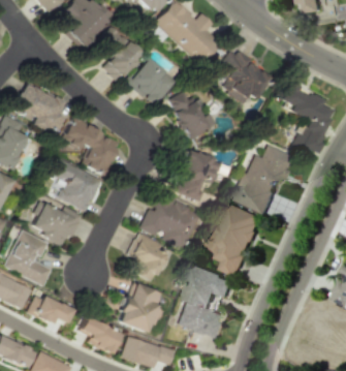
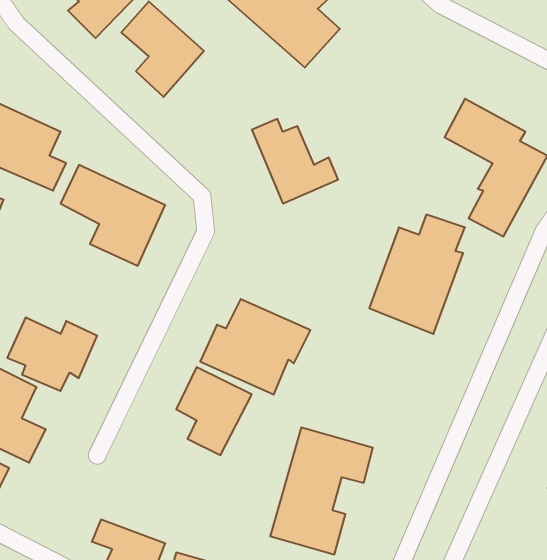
building: [216,49,270,102] -> none
building: [125,58,174,106] -> none
building: [179,147,217,197] -> none
building: [51,158,100,211] -> none
building: [214,203,265,276] -> none
building: [117,282,161,332] -> none
building: [34,296,72,323] -> none

